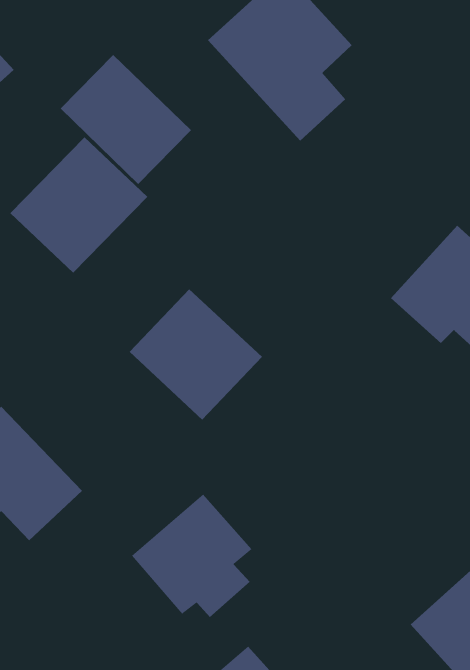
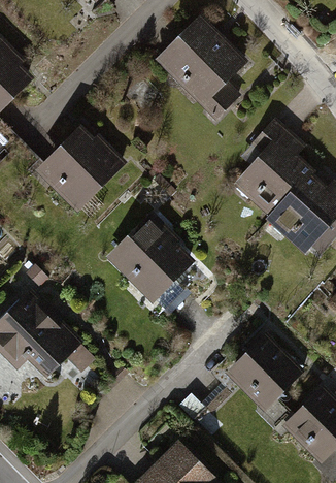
building: [60,54,192,185] -> none
building: none -> [232,117,313,222]
building: [131,494,252,618] -> [227,334,303,413]

